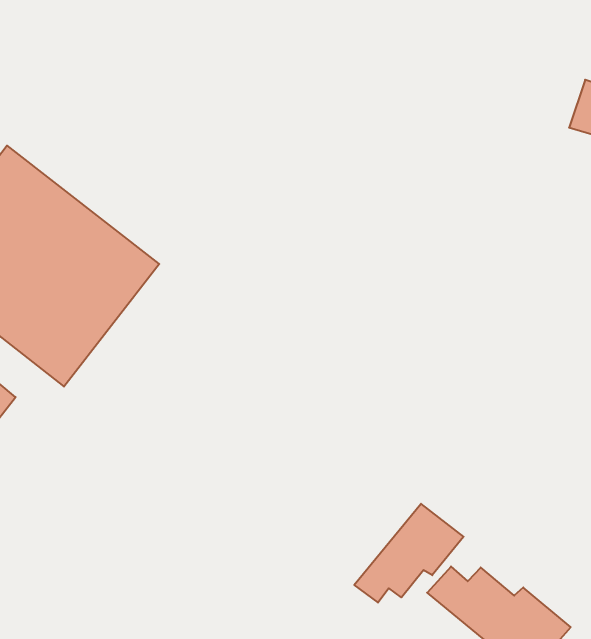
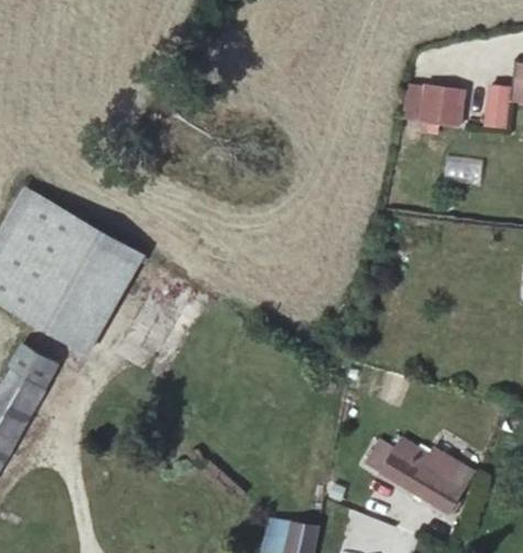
building: [354,504,464,603] -> none

